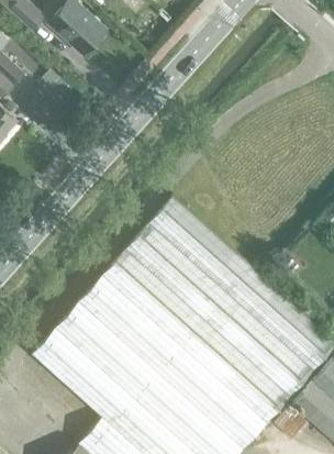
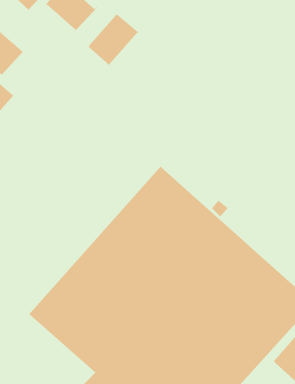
building: none -> [85,11,141,67]

